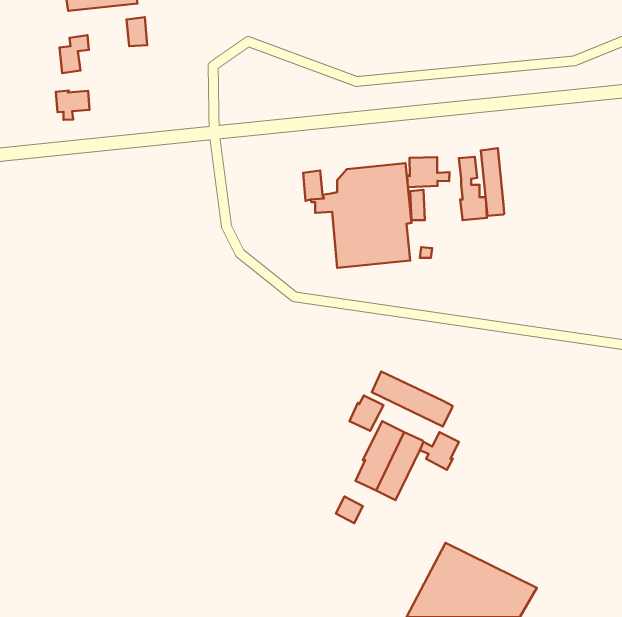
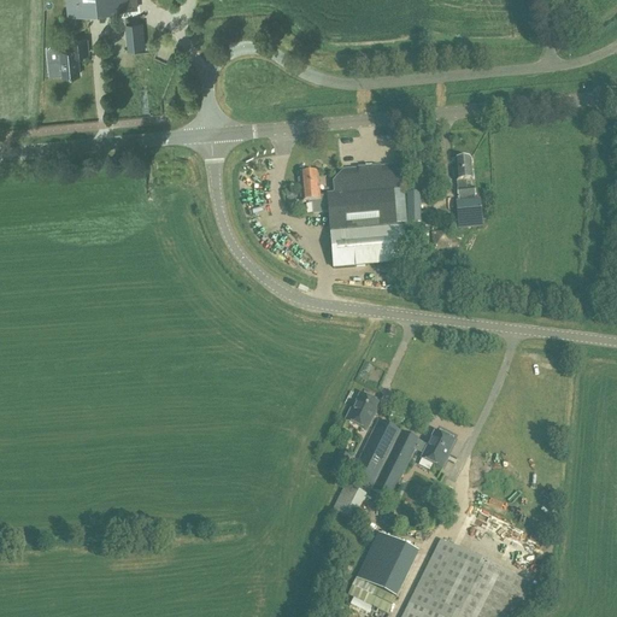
building: [56,90,89,120] -> none
building: [481,148,504,216] -> none
building: [407,157,450,187] -> none
building: [372,372,452,426] -> none
building: none -> [355,531,418,594]

